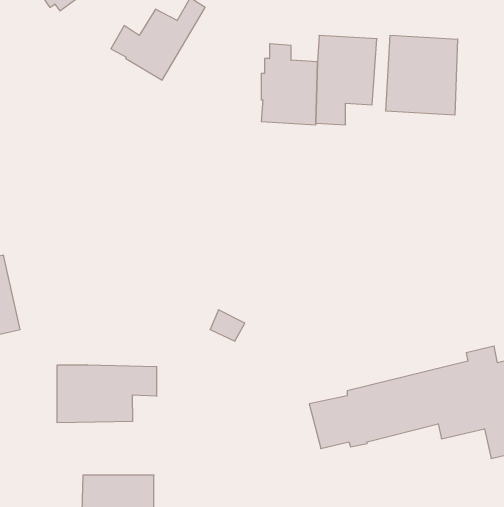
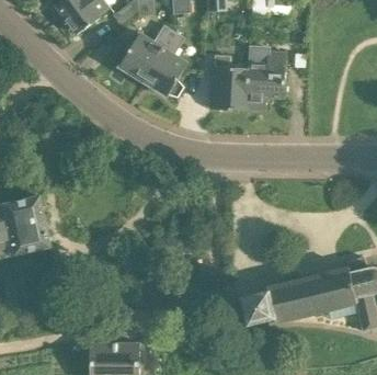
building: none -> [144,32,186,96]
building: [386,35,458,115] -> none
building: [57,365,157,423] -> none

